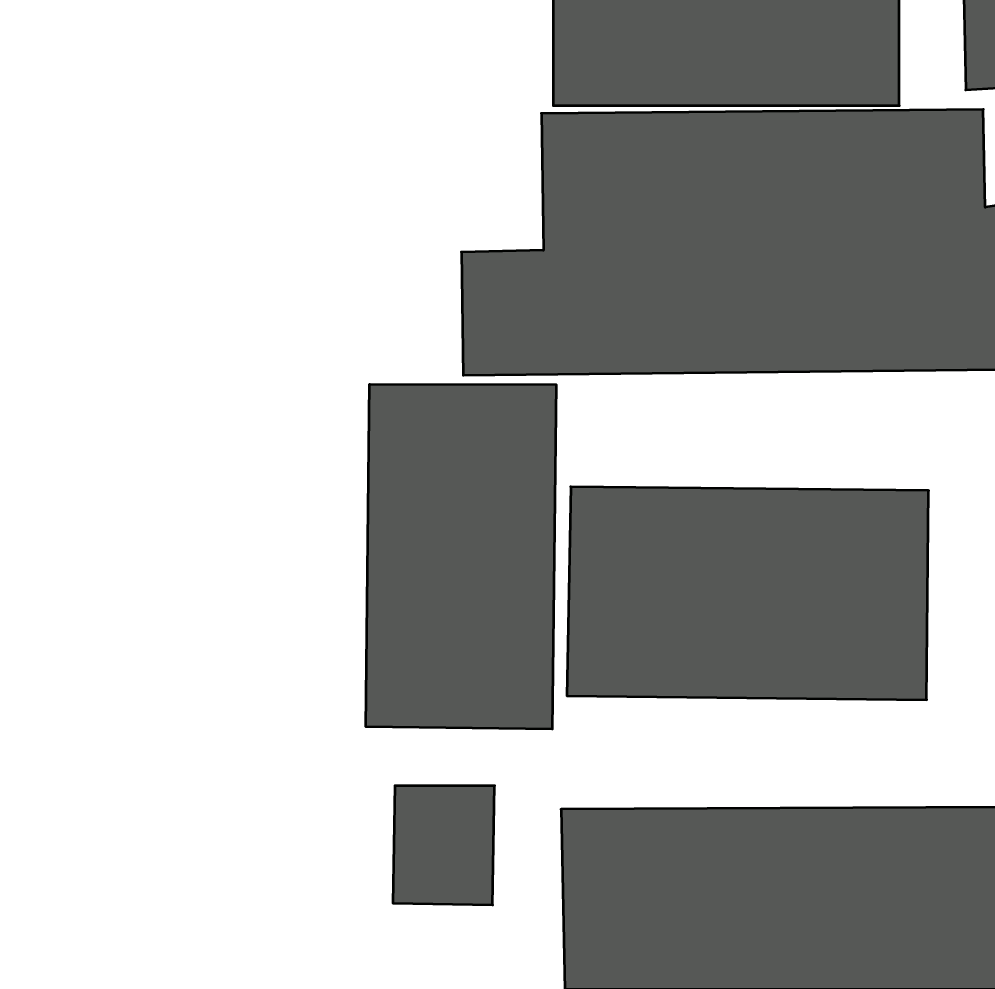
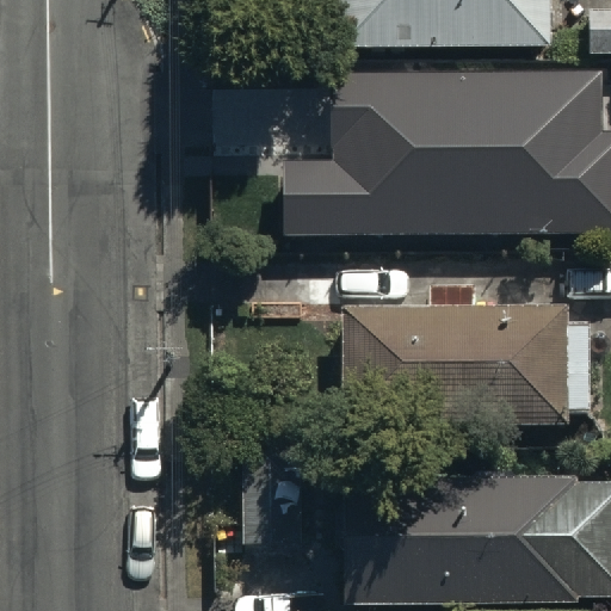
building: [366,384,556,729] -> none

